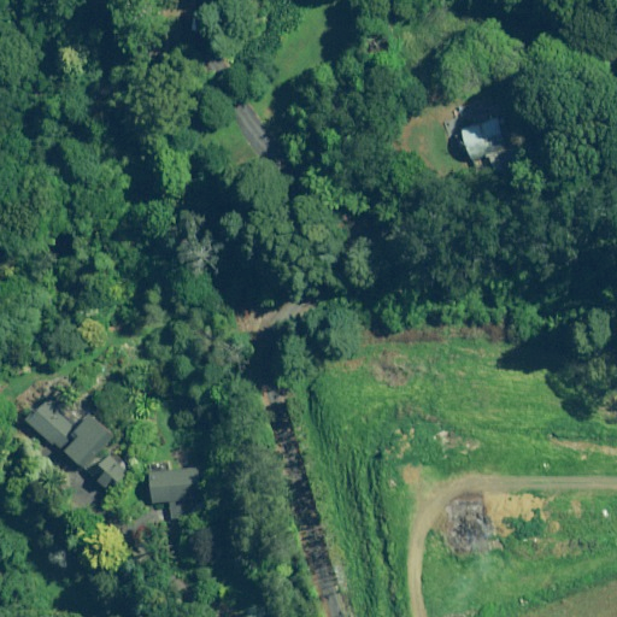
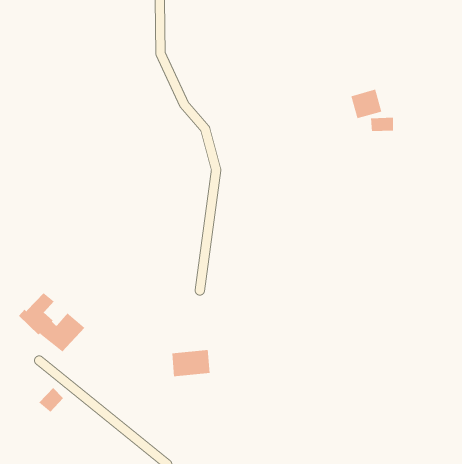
building: [92,456,125,489] -> [39,387,64,413]
building: [148,468,200,504] -> [171,350,210,377]

